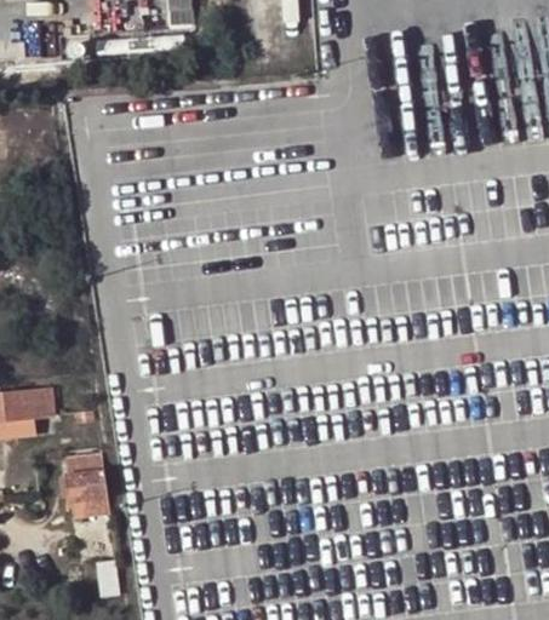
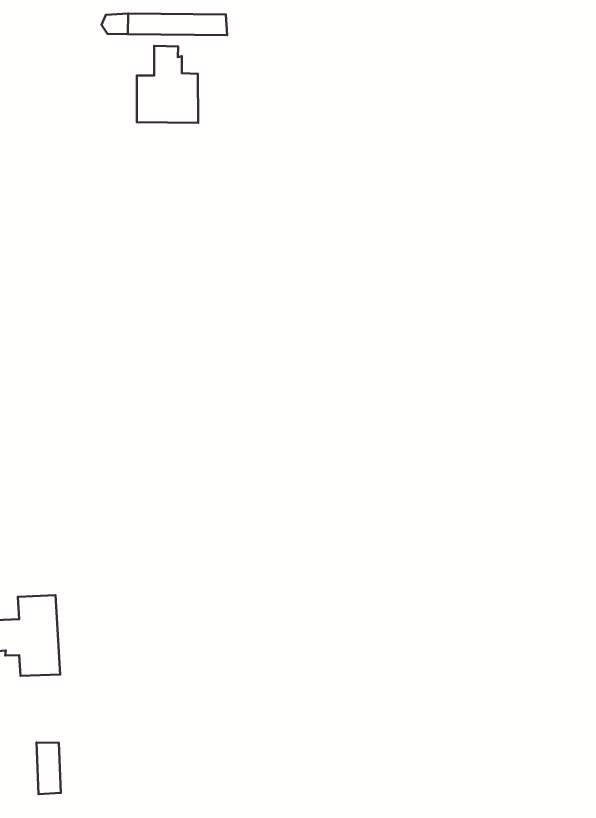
building: none -> [137,46,198,123]

